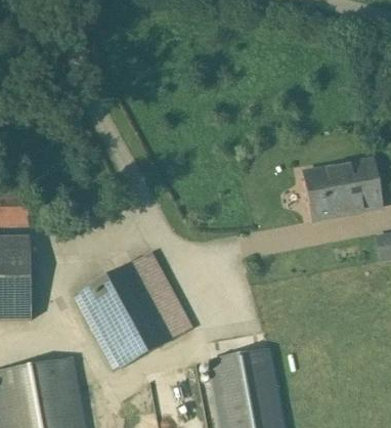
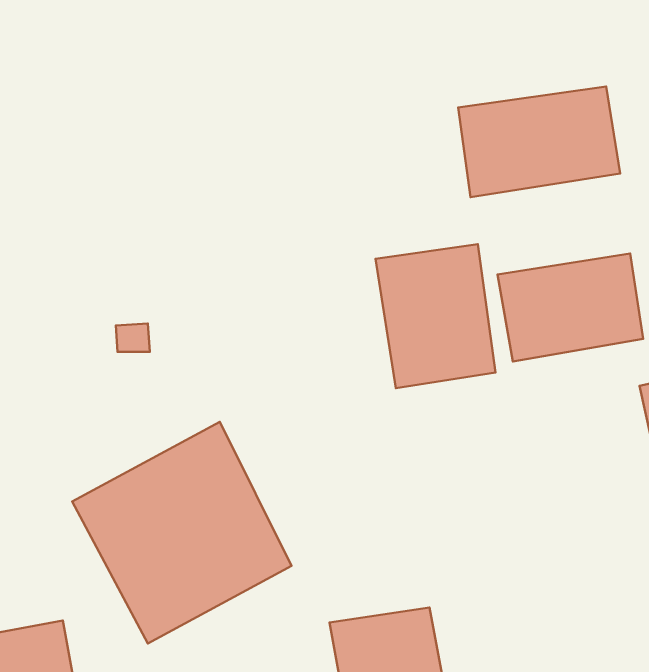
building: none -> [458,86,620,197]
building: none -> [375,244,495,388]

